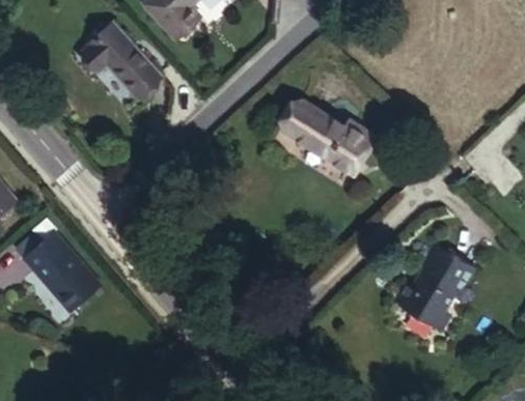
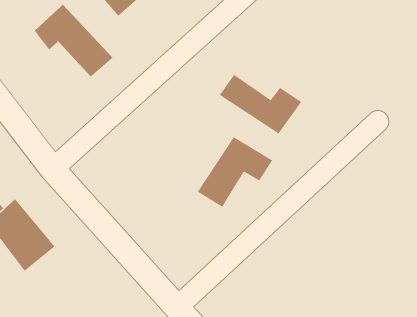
building: none -> [197,136,273,208]
building: [398,241,478,328] -> none

